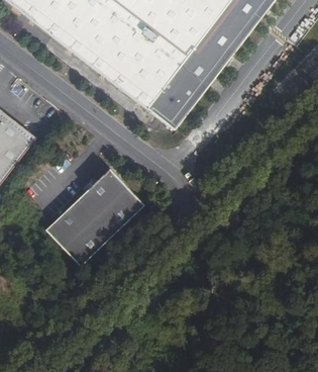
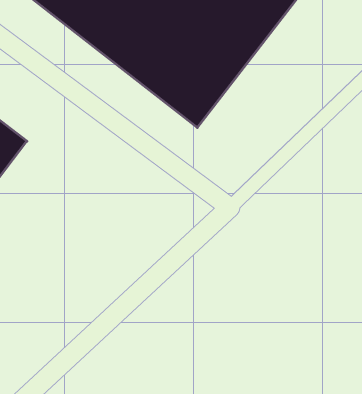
building: [52,169,144,269] -> none

